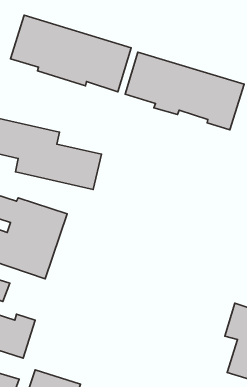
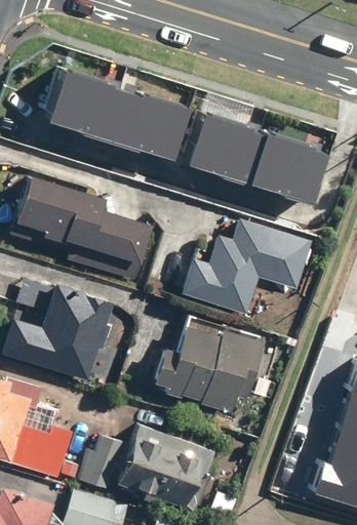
building: none -> [180,229,312,316]
building: none -> [151,325,265,415]
building: none -> [79,423,213,510]

